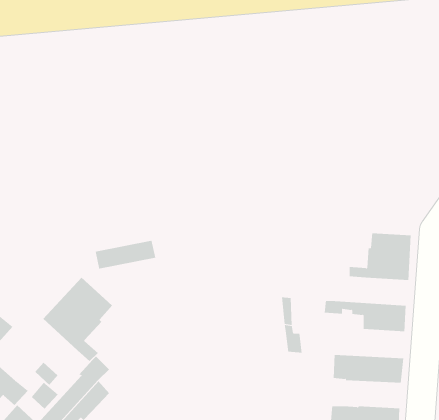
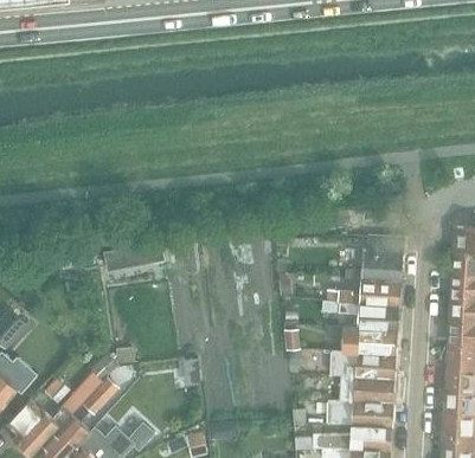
building: none -> [327,277,402,304]
building: [43,277,113,362] -> none
building: none -> [330,325,398,354]
building: none -> [340,375,394,401]

